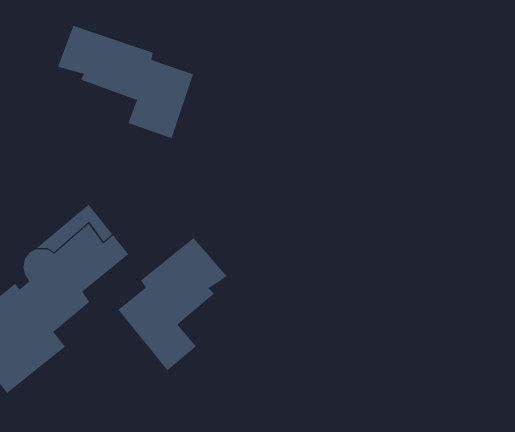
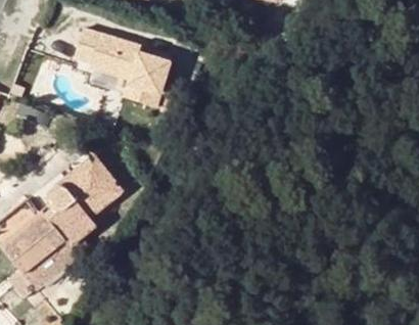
building: [118,237,228,371] -> none

